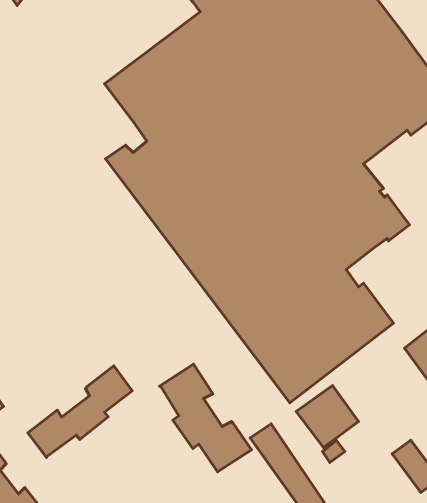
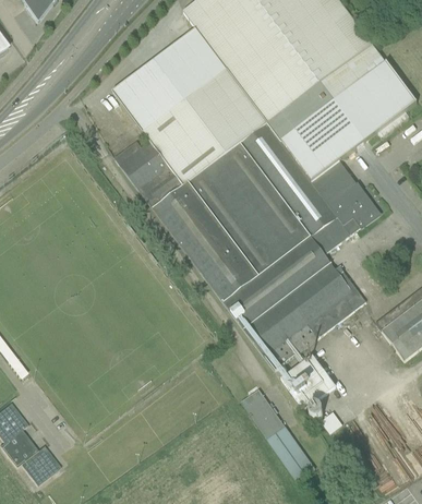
building: [160,364,251,472] -> none
building: [28,366,132,458] -> none

